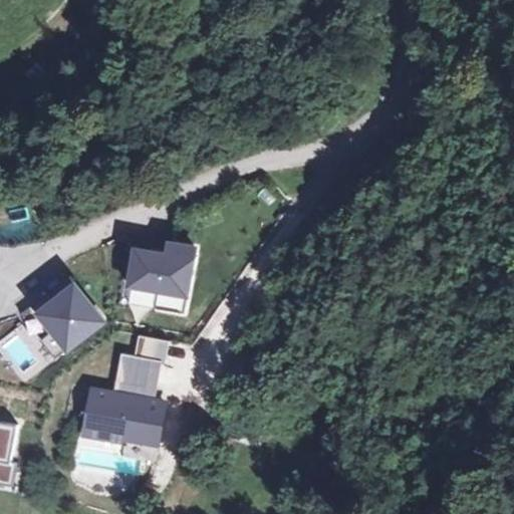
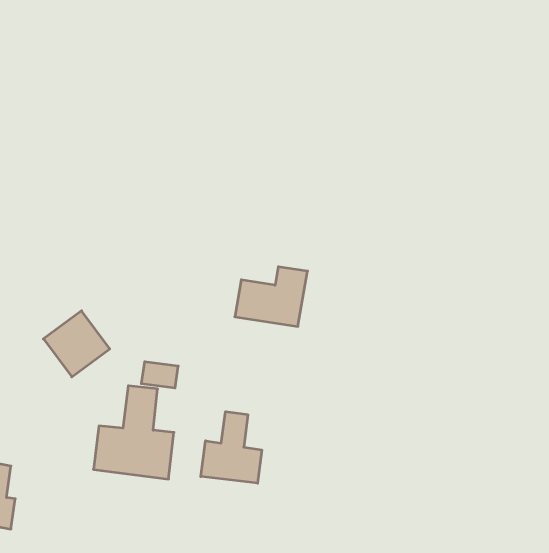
building: [128,242,196,297] -> [235,267,308,326]
building: none -> [201,412,262,483]

